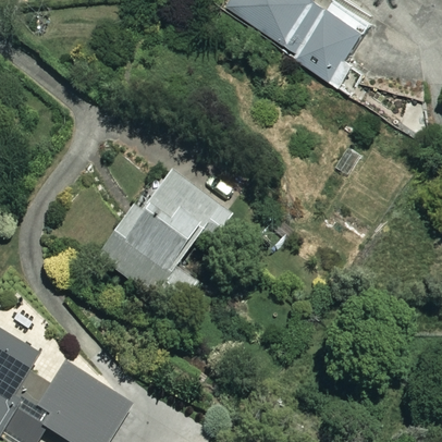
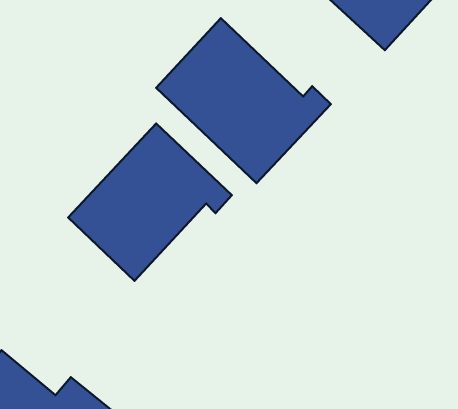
building: none -> [156,18,331,183]

